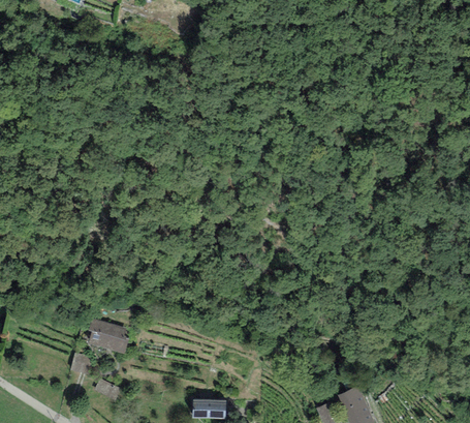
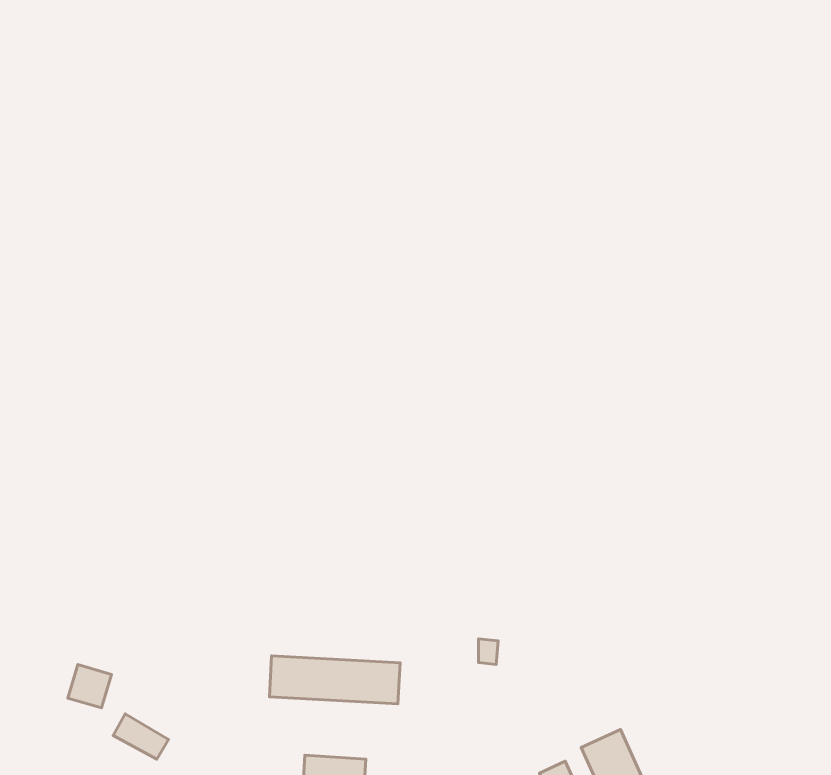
building: [88,319,129,354] -> none
building: none -> [269,656,400,704]

